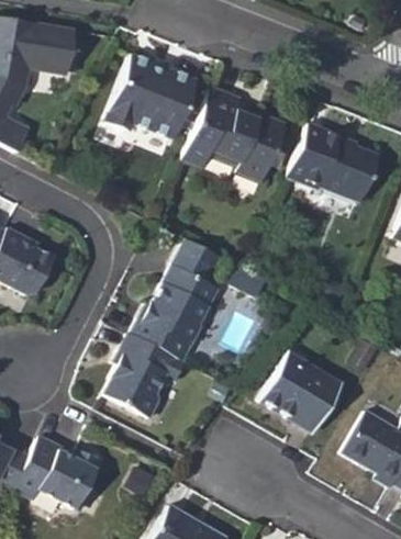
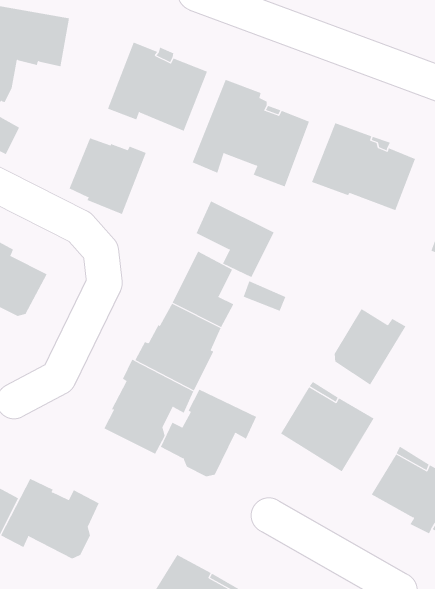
building: none -> [69,137,146,215]
building: none -> [196,200,274,278]
building: none -> [334,308,406,385]
building: none -> [160,389,257,477]

